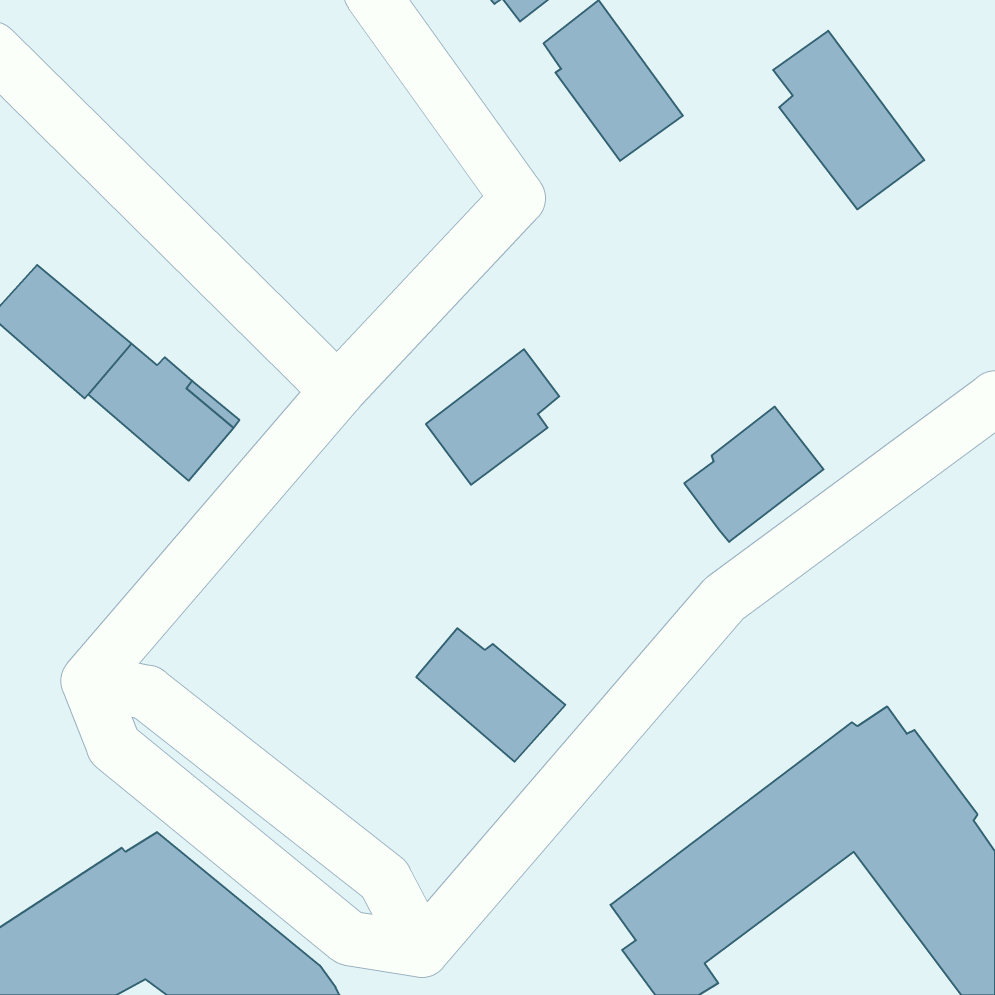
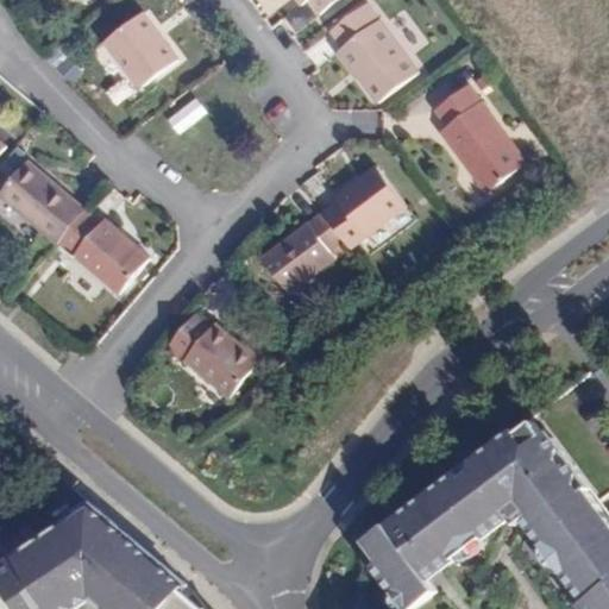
building: none -> [102,15,174,88]
building: [773,31,924,209] -> [431,83,522,192]
building: [684,407,824,542] -> [318,165,402,247]
building: [416,628,565,762] -> [165,314,256,395]

